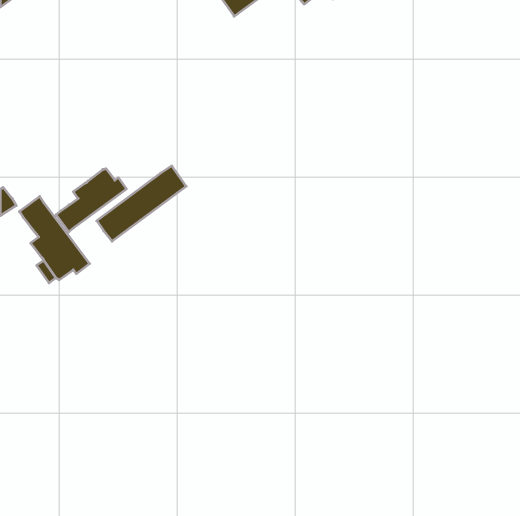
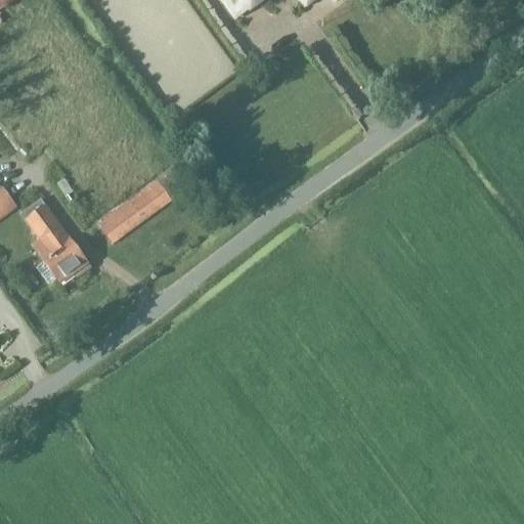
building: [56,169,126,232] -> none

